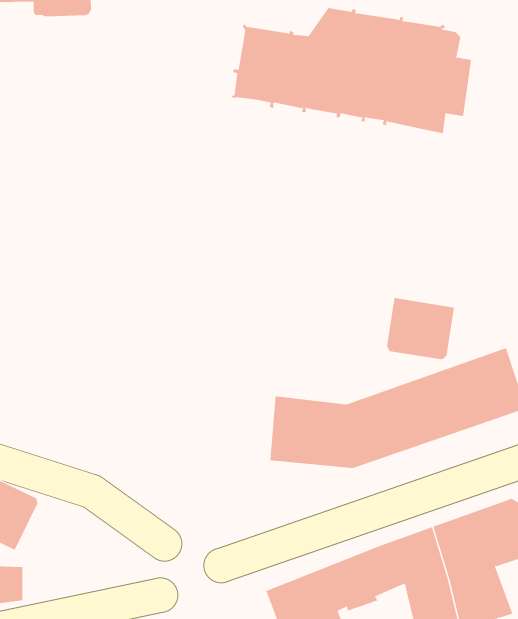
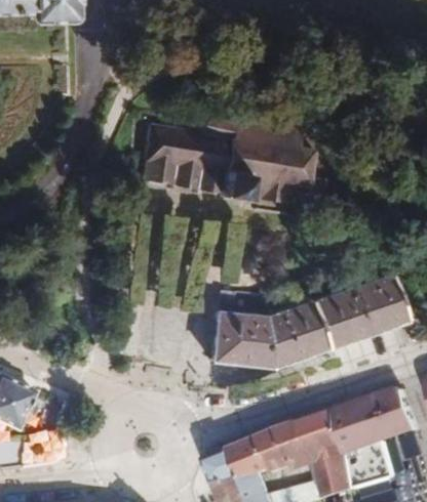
building: [231,8,472,134] -> [139,111,322,207]
building: [386,297,455,360] -> none

